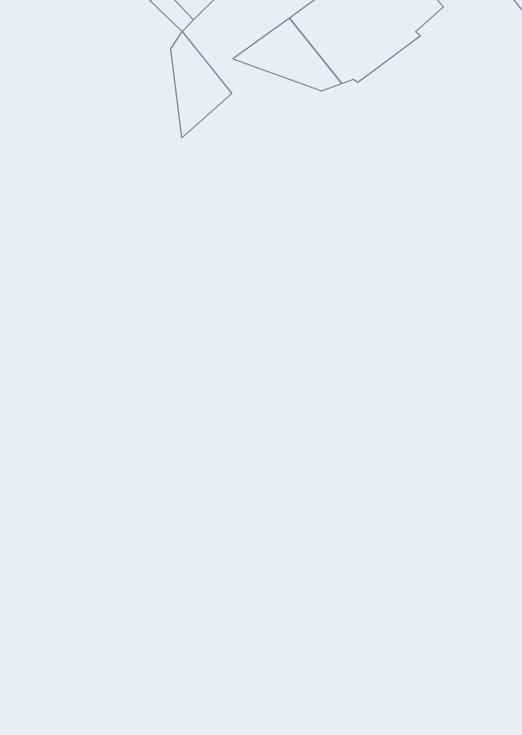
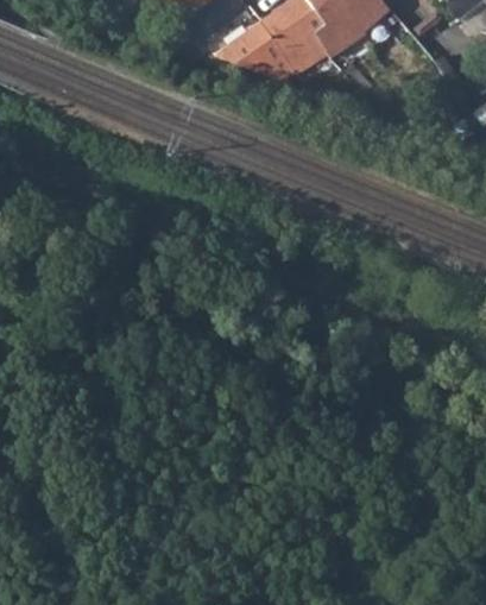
building: [171,31,232,138] -> none

